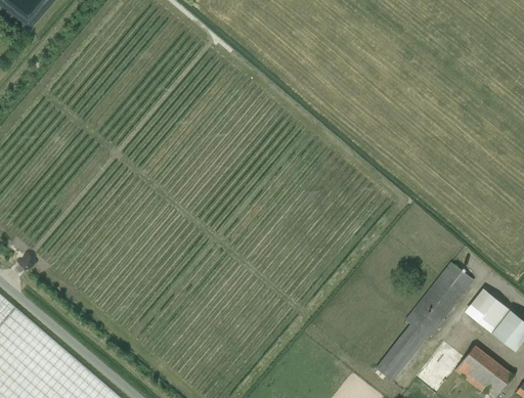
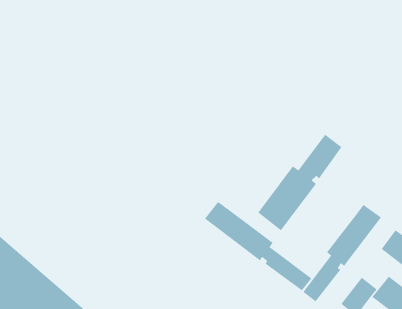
building: none -> [258,134,342,231]
building: none -> [204,201,312,291]

